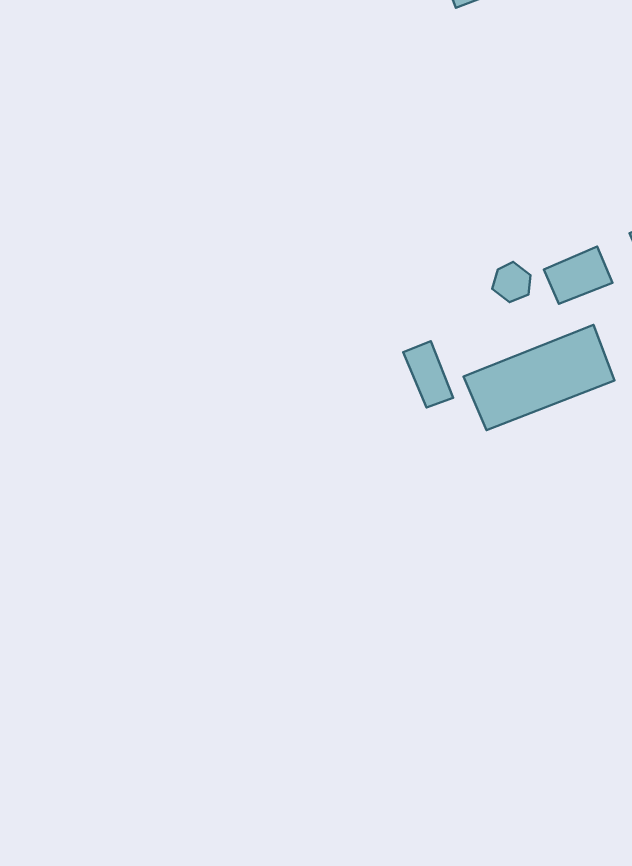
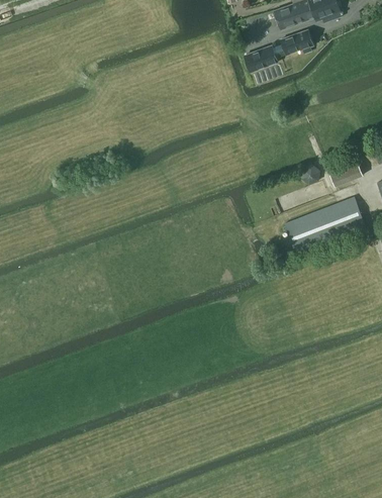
building: none -> [246,30,313,72]
building: [403,341,453,408] -> none

